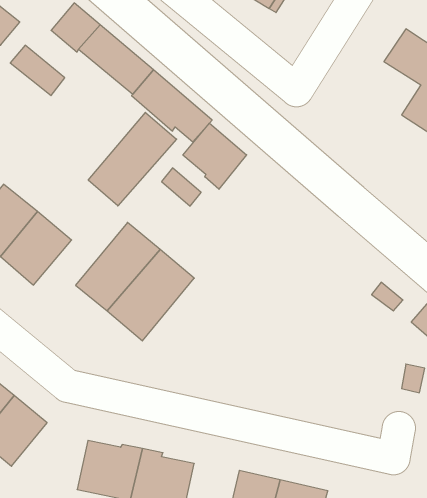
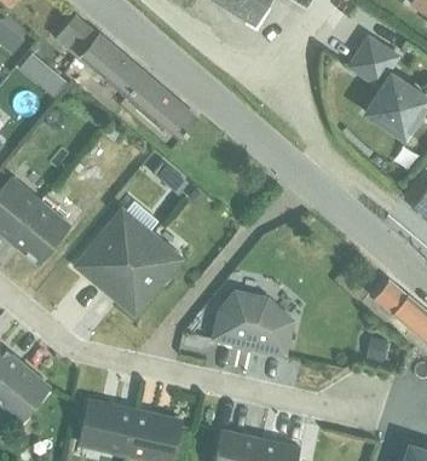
building: [88,112,177,206] -> none
building: [183,123,247,189] -> none
building: none -> [213,290,294,355]

